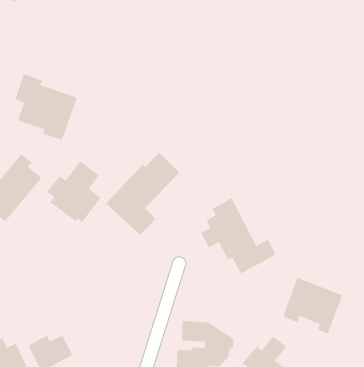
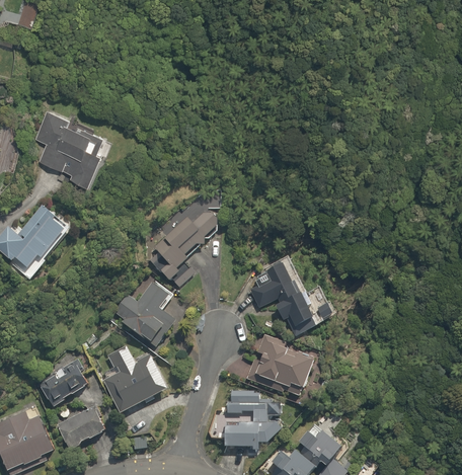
building: [46,160,101,223] -> [113,278,176,348]
building: [283,277,343,334] -> [246,334,315,399]
building: none -> [101,341,165,411]
building: none -> [37,359,89,406]

